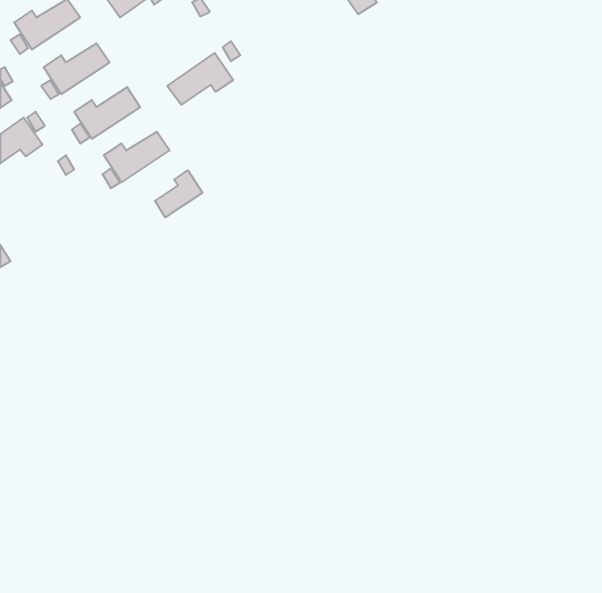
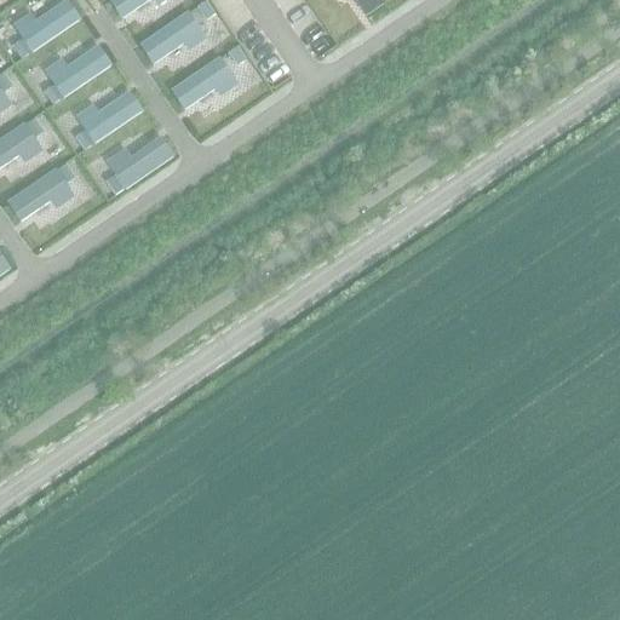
building: none -> [140,10,208,63]
building: none -> [7,167,75,220]
building: [155,170,203,217] -> none

